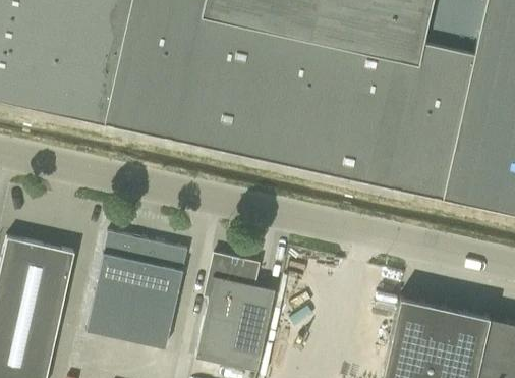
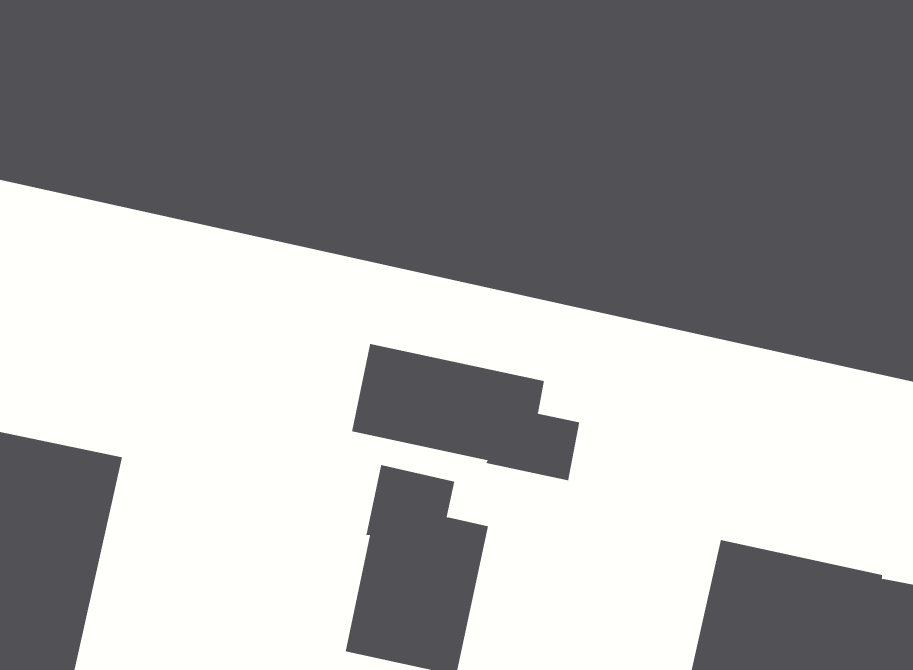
building: none -> [352,343,580,481]
building: [85,233,187,350] -> none

